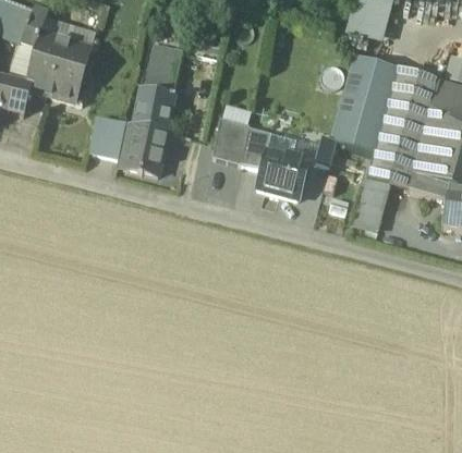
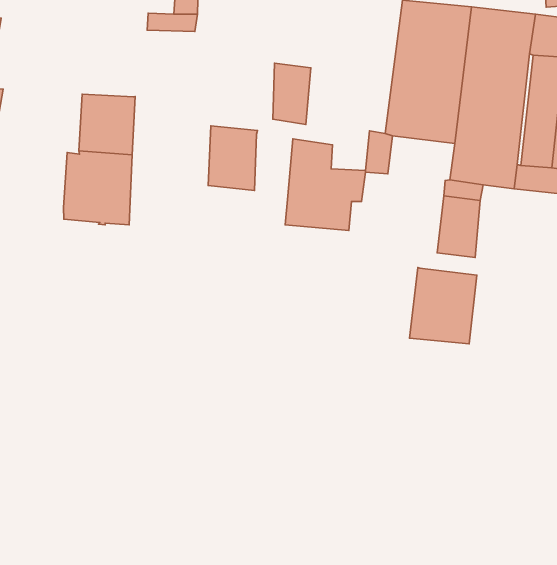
building: [141,41,183,91] -> none
building: [92,114,125,156] -> none
building: [242,127,271,170] -> [273,63,311,125]
building: none -> [410,267,477,344]

